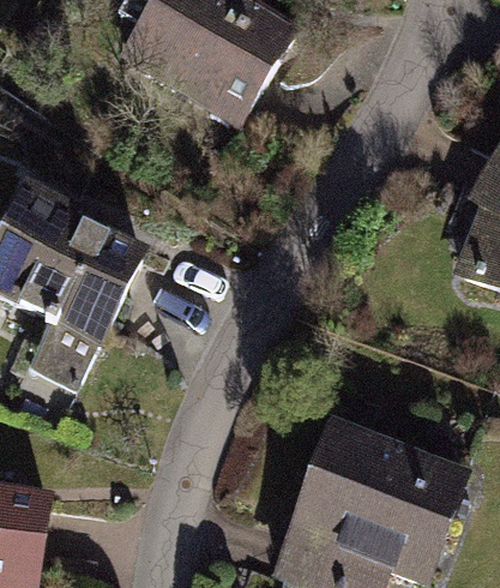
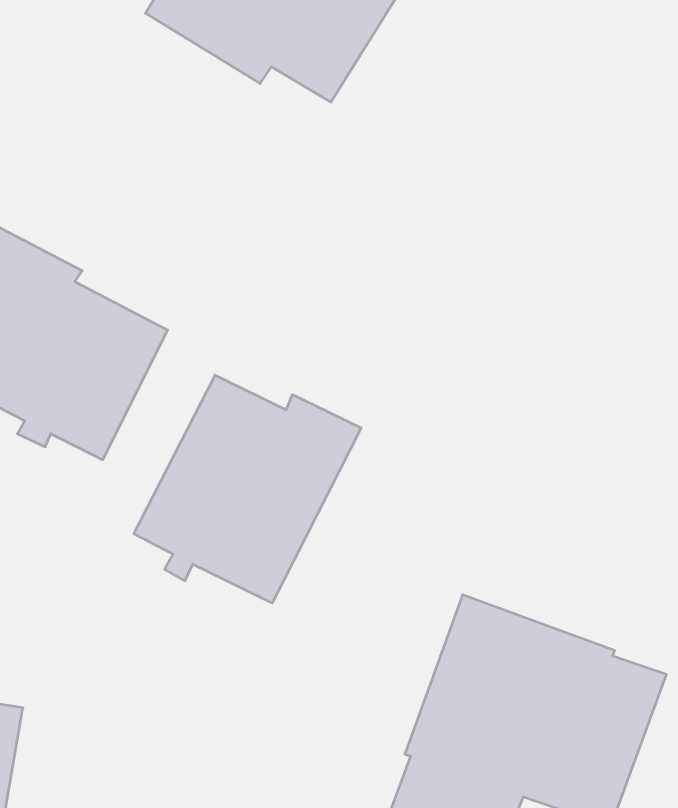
building: none -> [134,375,361,603]

